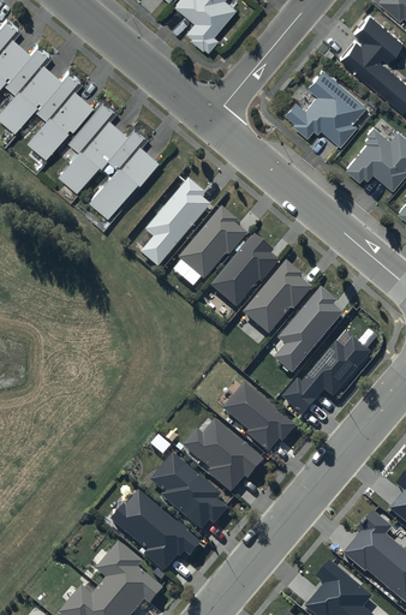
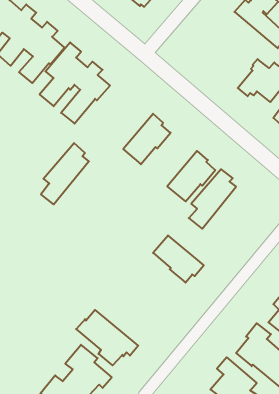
building: [285,67,366,145] -> none
building: [141,177,210,265] -> [41,143,89,204]
building: [210,233,280,306] -> none
building: [282,335,371,413] -> none
building: [183,418,264,491] -> none
building: [149,450,227,529] -> none

